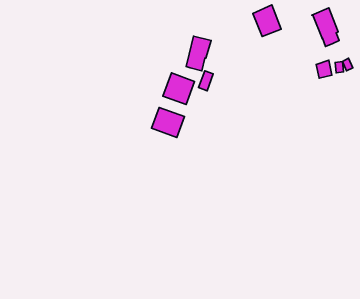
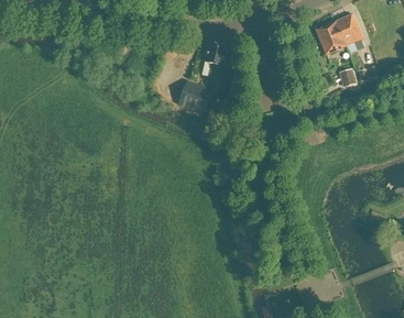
building: [253,5,281,37] -> [316,20,346,53]
building: [151,107,185,138] -> none

